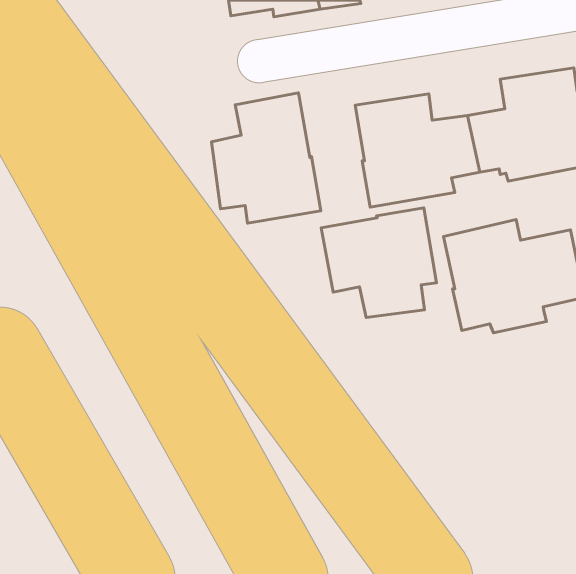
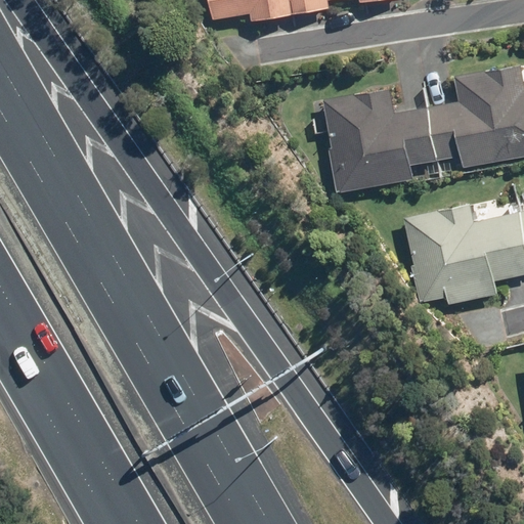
building: [211,93,321,223] -> none
building: [321,208,436,317] -> none

